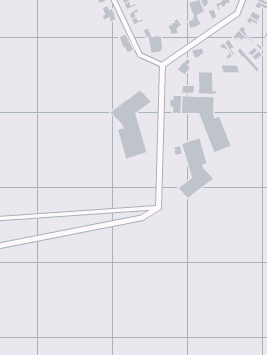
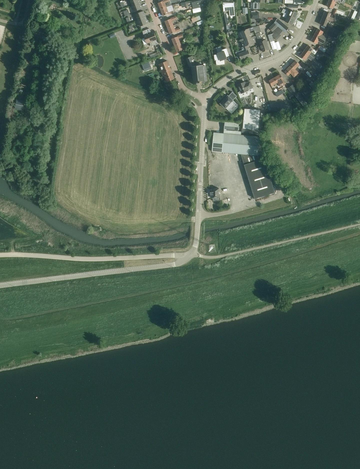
building: [110,89,152,159] -> none
building: [178,137,214,199] -> none

